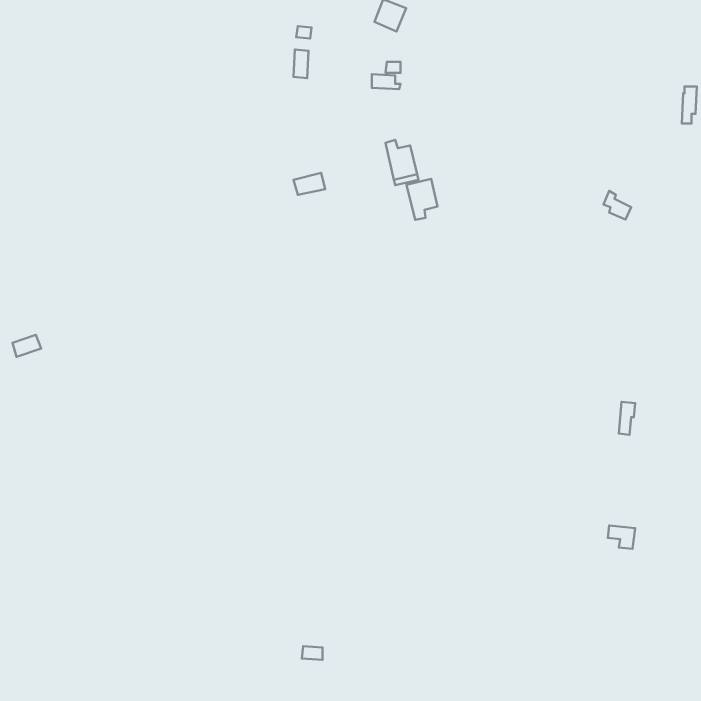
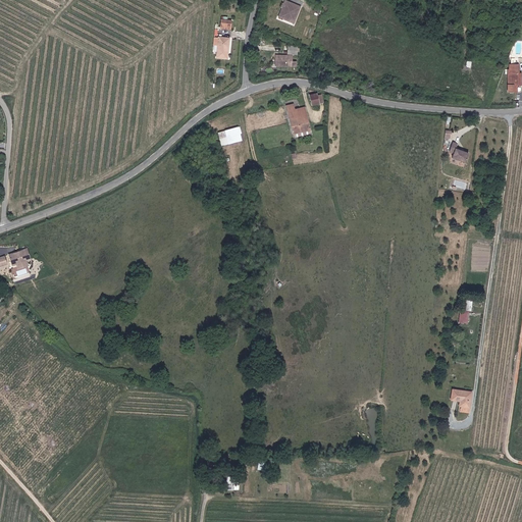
building: [406,179,437,220] -> none

